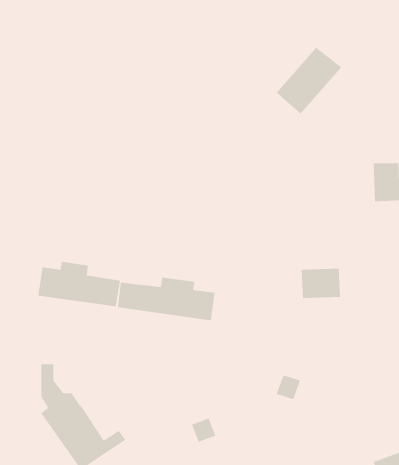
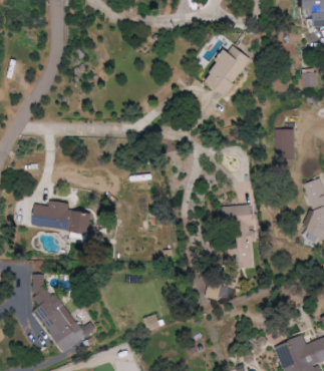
building: [118,277,215,321] -> none
building: none -> [227,237,251,267]

